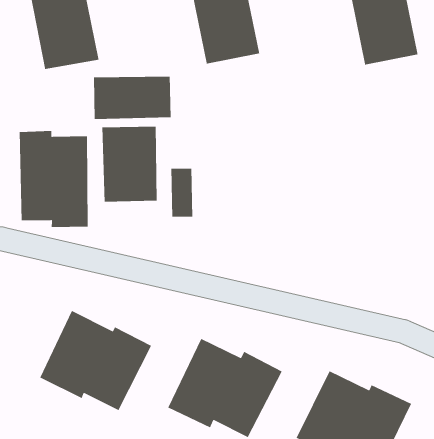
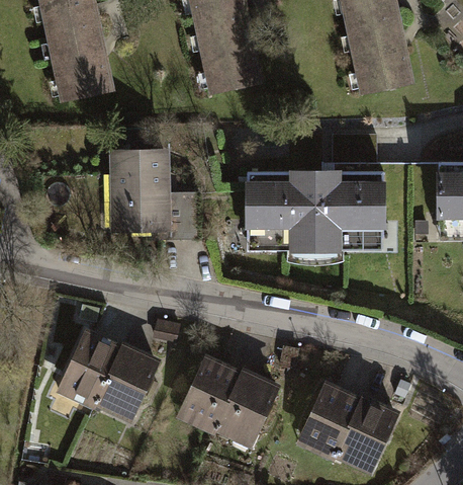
building: [93,76,171,120] -> none
building: [19,130,89,228] -> none
building: none -> [248,171,383,250]

